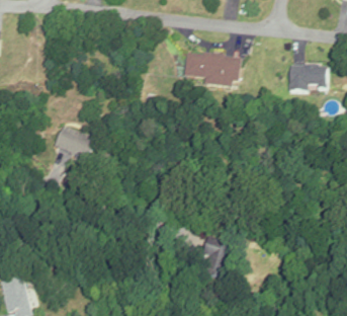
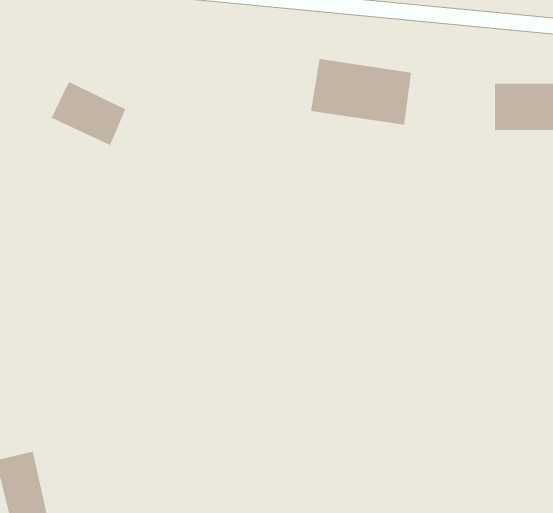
building: [54,124,97,161] -> [51,81,126,146]
building: [199,239,234,278] -> none

